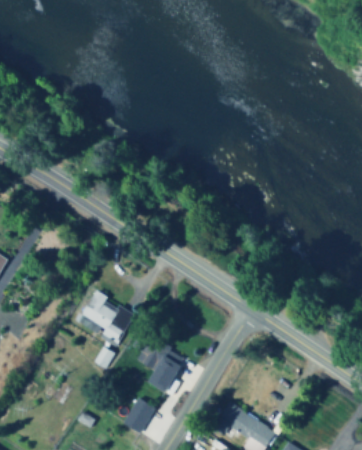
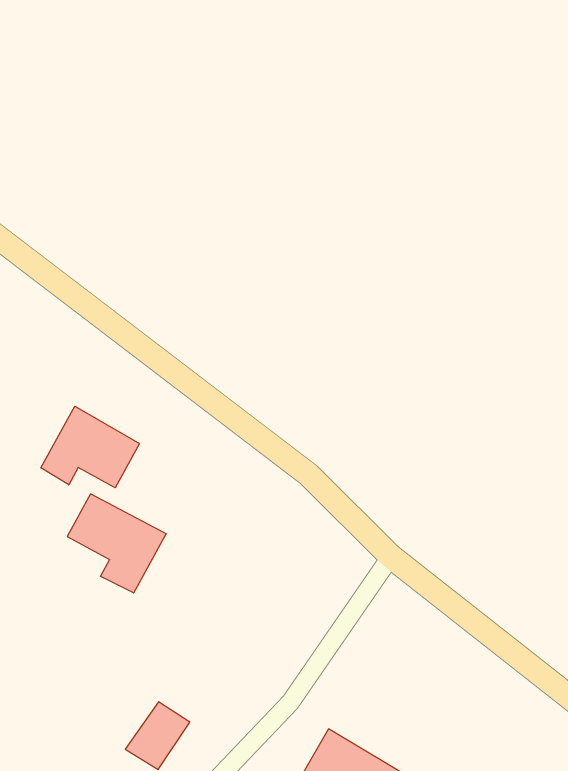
building: none -> [41,406,139,488]
building: [136,337,184,393] -> none

